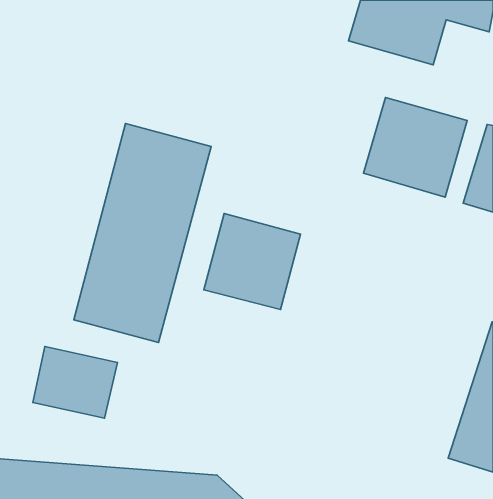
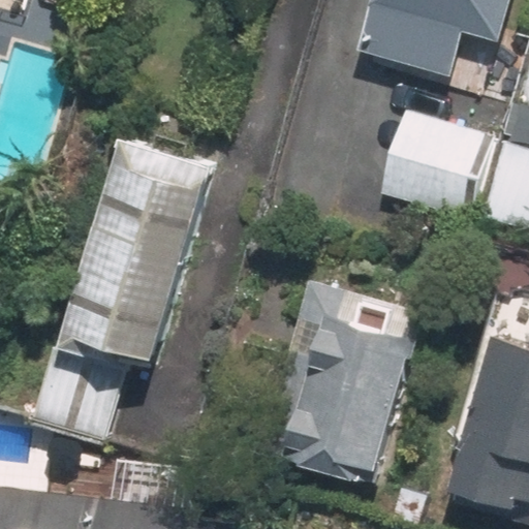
building: [204,214,300,310] -> none
building: none -> [271,282,427,483]

